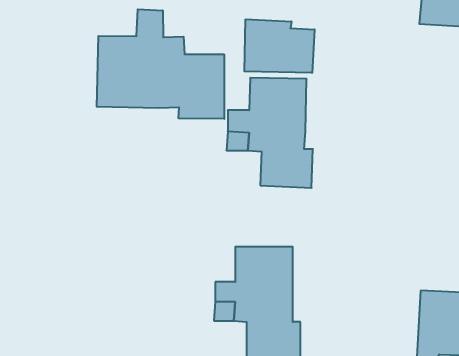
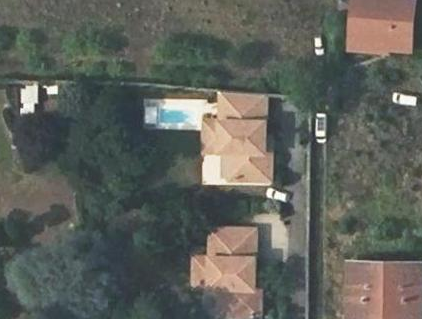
building: [97,9,224,119] -> none
building: [244,19,315,73] -> none

